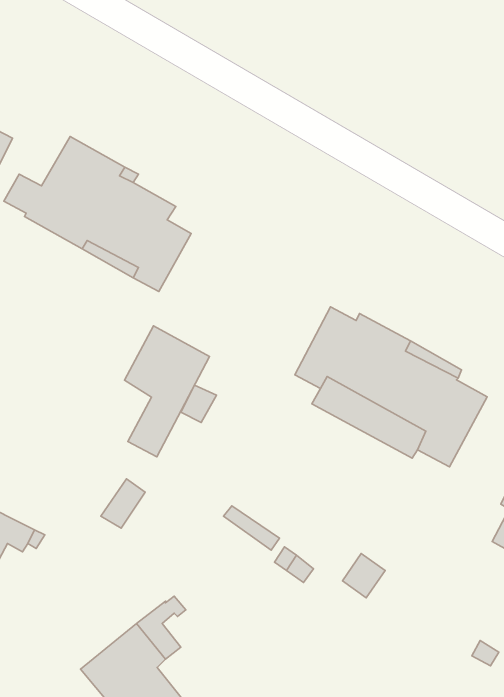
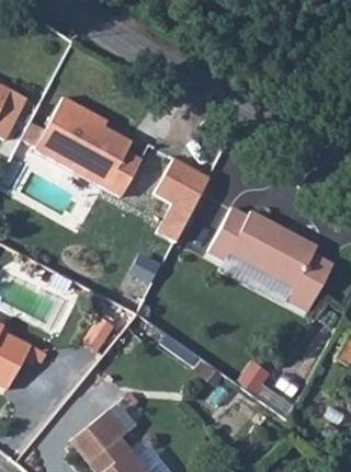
building: [124,326,210,457] -> [155,158,210,242]

